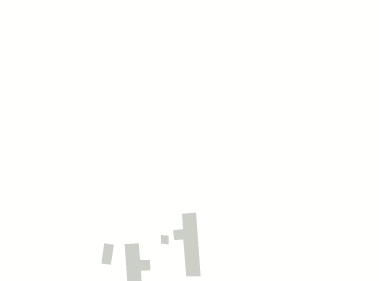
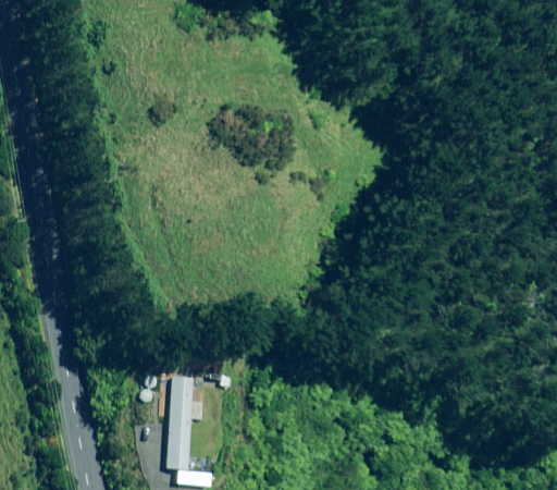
building: [172,212,201,277] -> none

